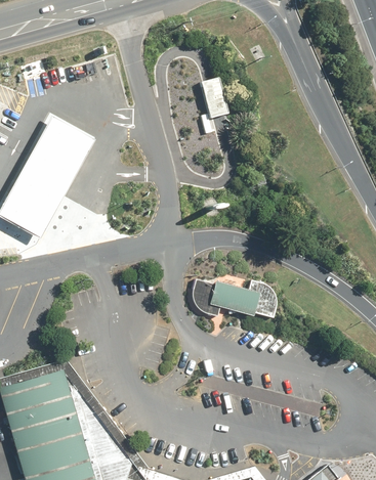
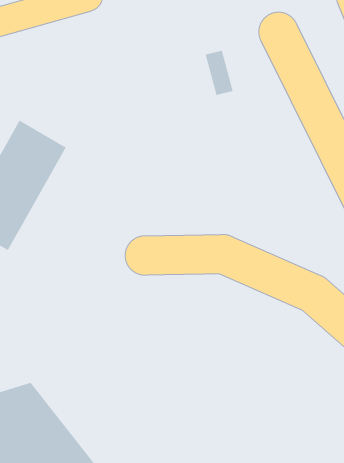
building: [201,77,227,119] -> [205,50,233,95]
building: [190,278,274,318] -> none

